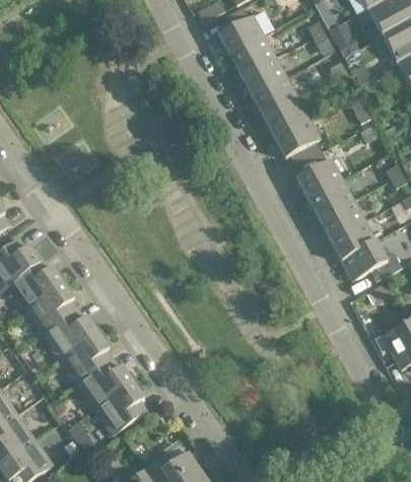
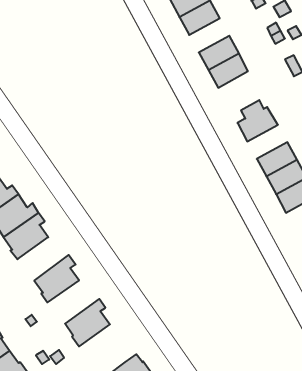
building: [239,56,286,95] -> none
building: [273,117,321,162] -> none
building: [306,179,353,218] -> none
building: [42,308,100,358] -> none
building: [76,358,136,408] -> none

